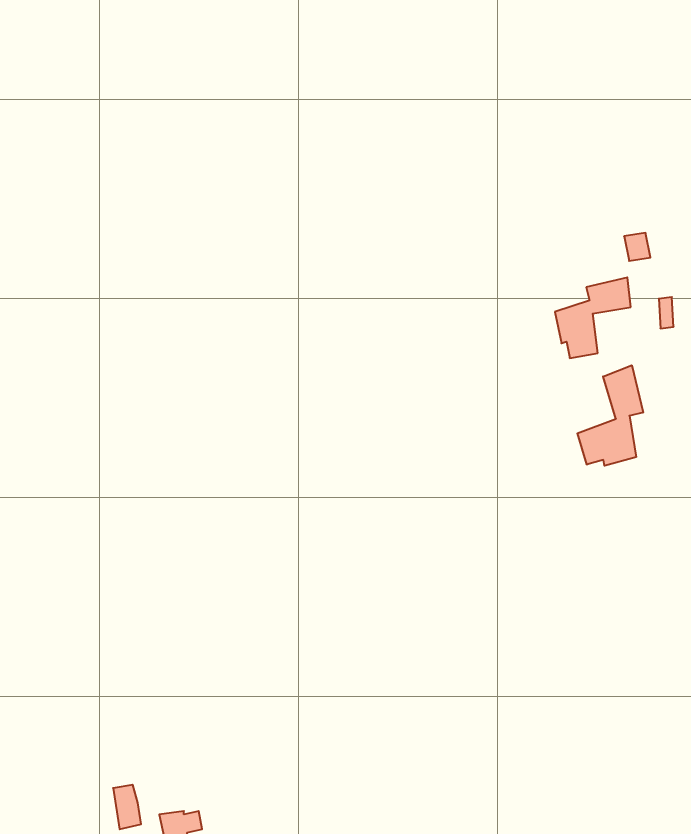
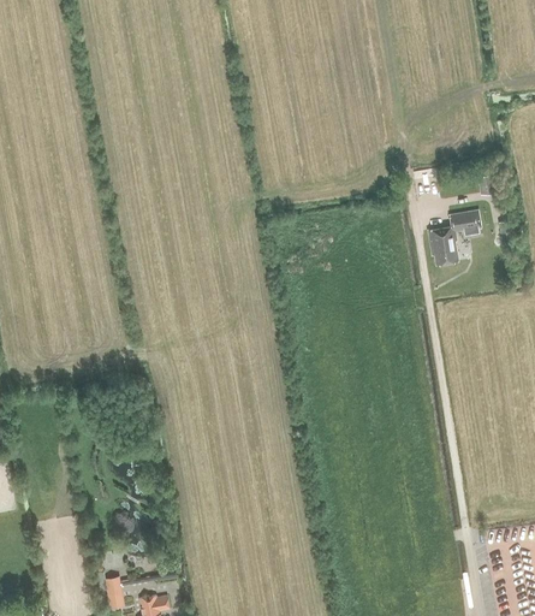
building: [577,365,643,466] -> none

